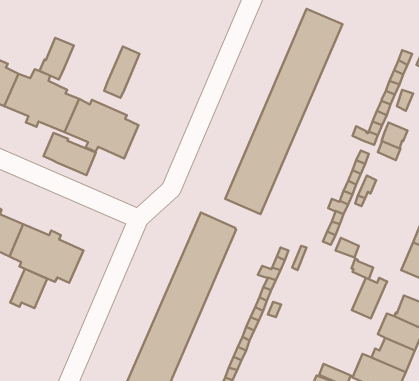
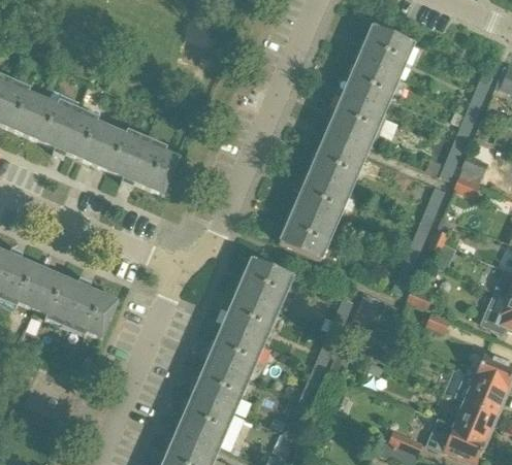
building: [40,38,74,79] -> none
building: [104,47,140,98] -> none
building: [43,133,96,175] -> none
building: [10,269,47,308] -> none
building: [352,278,387,319] -> none

